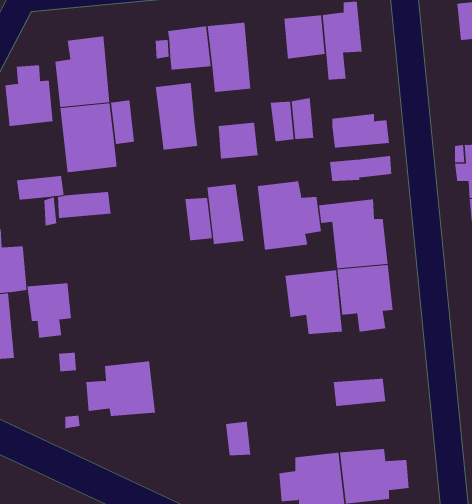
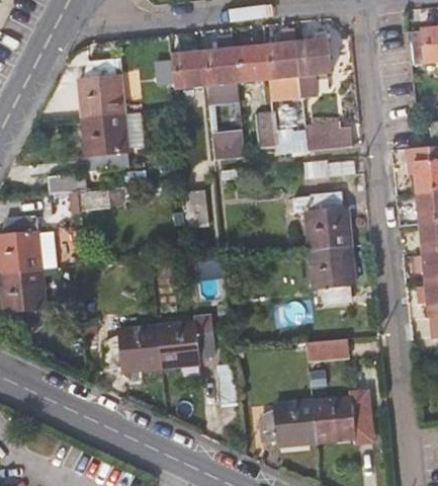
building: none -> [234,45,268,81]
building: [5,65,53,127] -> none
building: [155,82,198,151] -> none
building: [257,181,322,250] -> none
building: [207,184,244,245] -> none
building: [285,269,342,335] -> none
building: [27,282,71,338] -> none
building: none -> [156,321,213,368]

